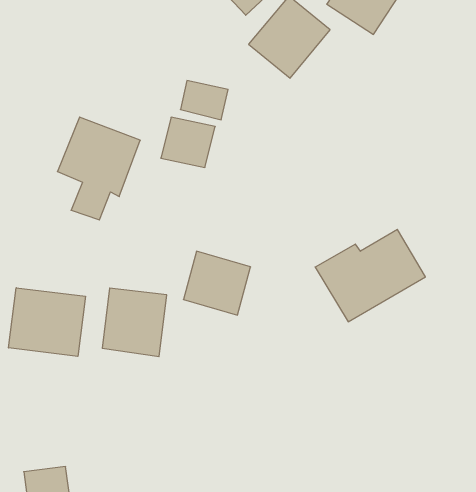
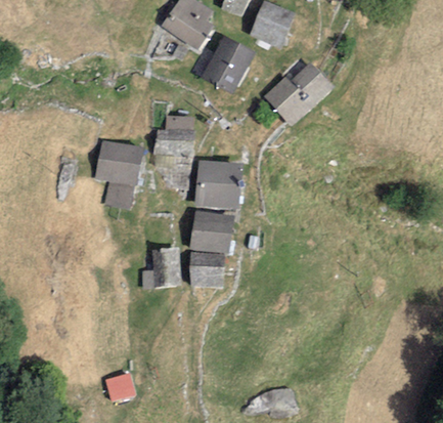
building: none -> [200,160,239,207]
building: [315,229,425,322] -> [261,61,334,127]
building: [9,288,85,356] -> none
building: none -> [191,253,223,286]

